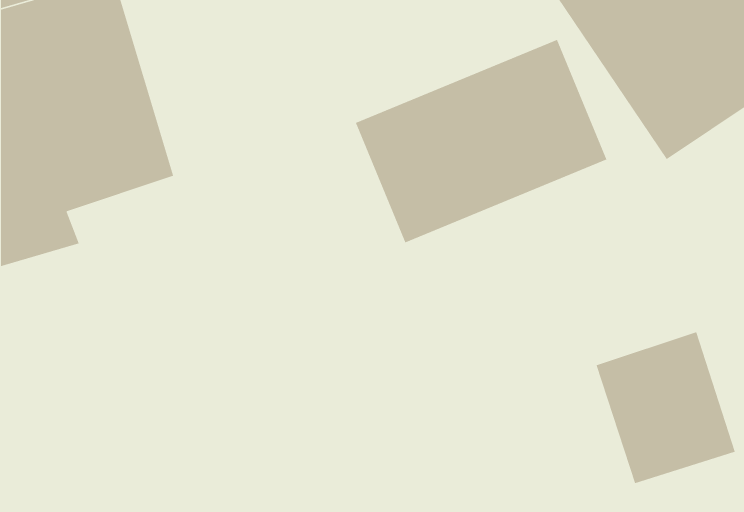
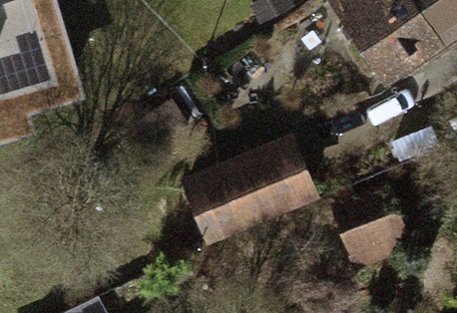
building: [355,39,607,243] -> [177,138,320,254]

